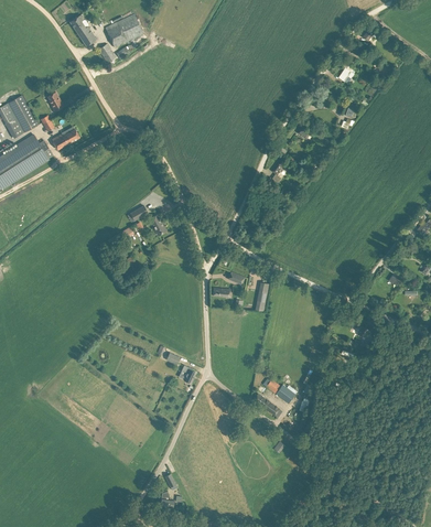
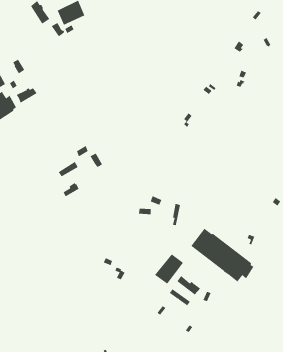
building: none -> [191,228,254,283]
building: none -> [154,253,184,284]

